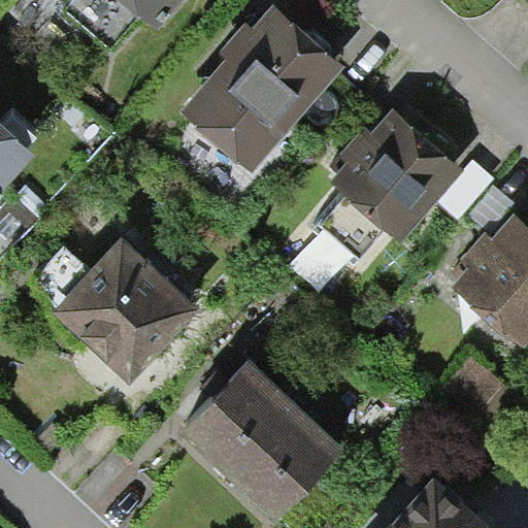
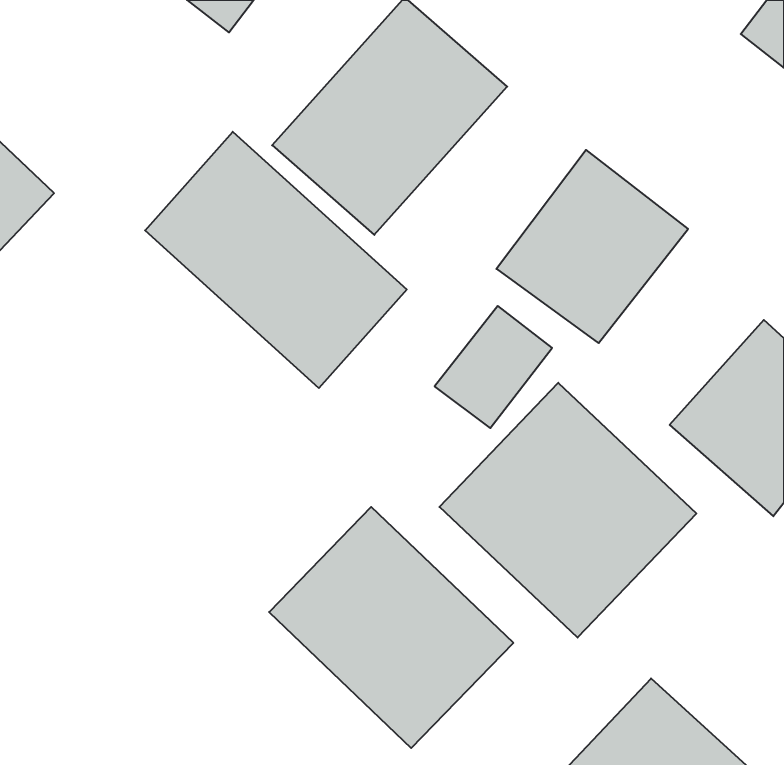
building: none -> [145,132,407,388]
building: [50,230,200,381] -> none
building: none -> [439,383,696,638]

